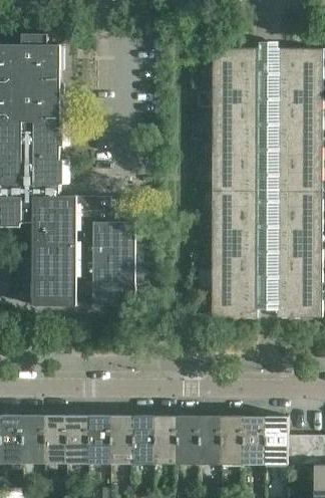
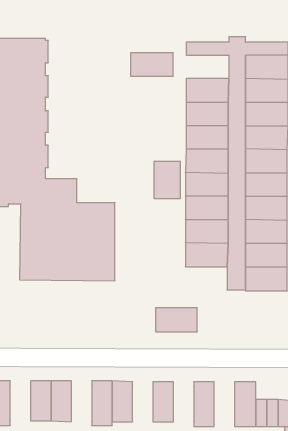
building: [213,63,259,88] -> [131,53,173,76]
building: none -> [154,161,180,199]
building: [212,292,257,318] -> [156,308,197,332]
building: [22,416,44,459] -> none
building: [88,416,110,460] -> none
building: [154,417,177,460] -> none
building: [199,417,221,460] -> none
building: [243,417,265,465] -> none

